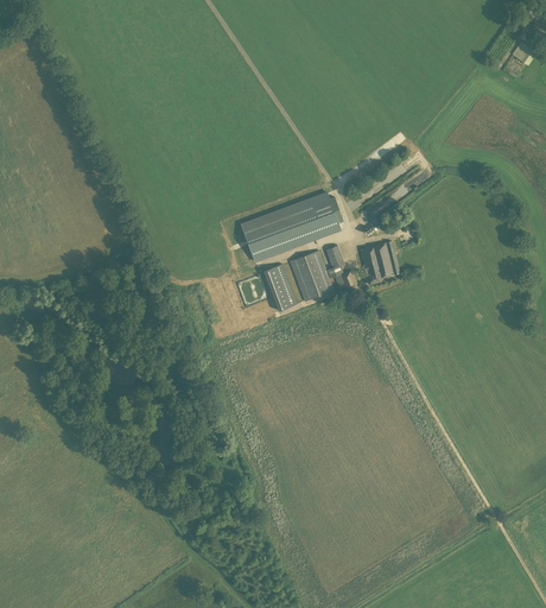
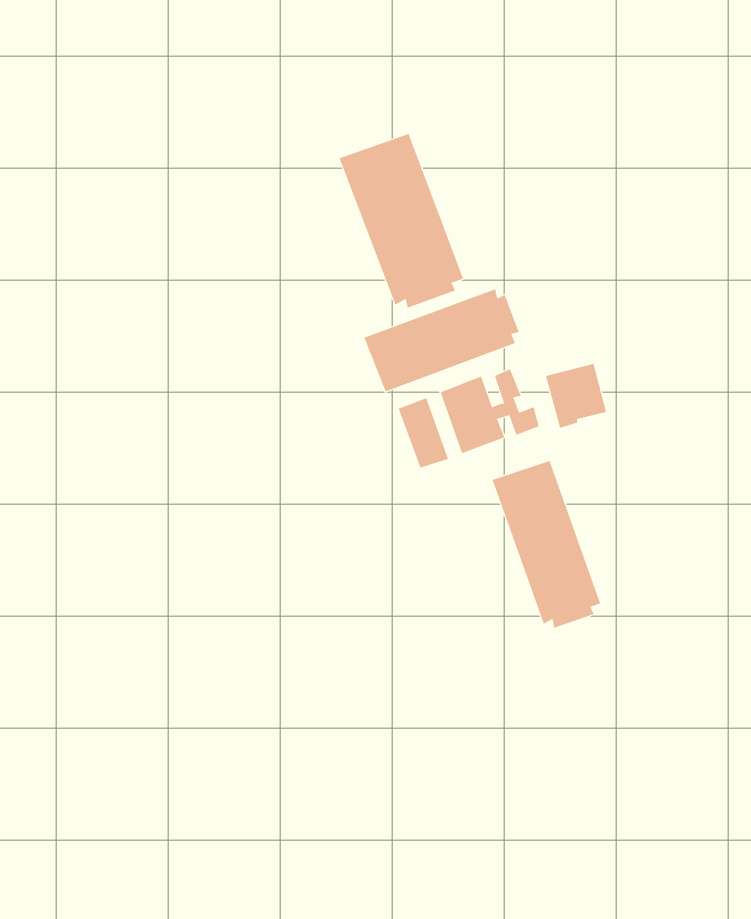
building: none -> [339,133,464,309]
building: none -> [492,460,601,628]

